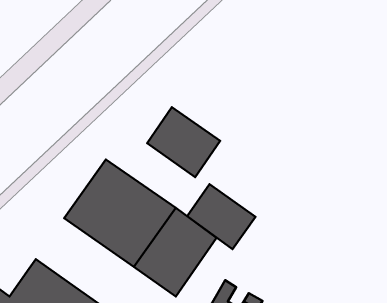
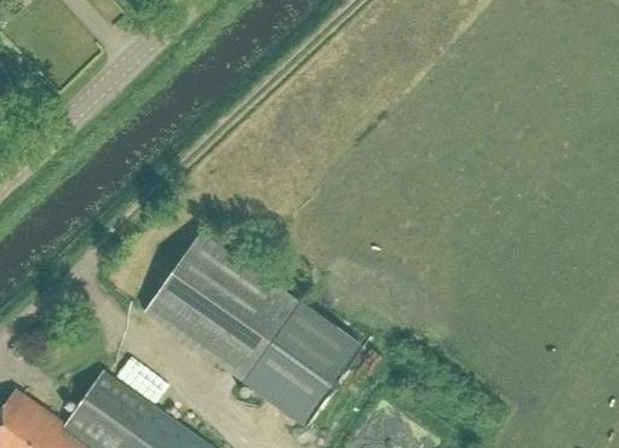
building: [147,107,220,177] -> none
building: [187,184,255,249] -> none

